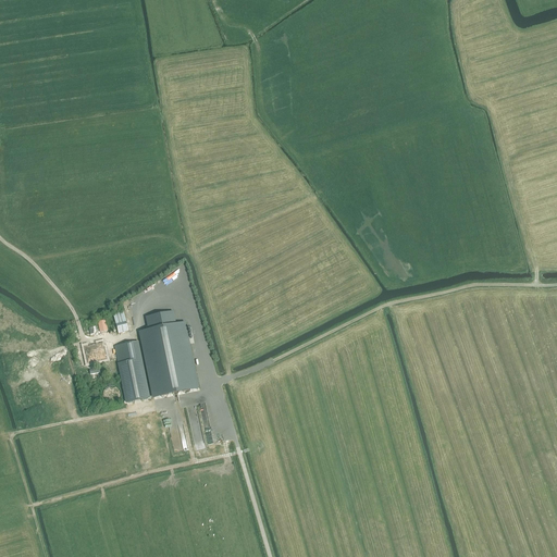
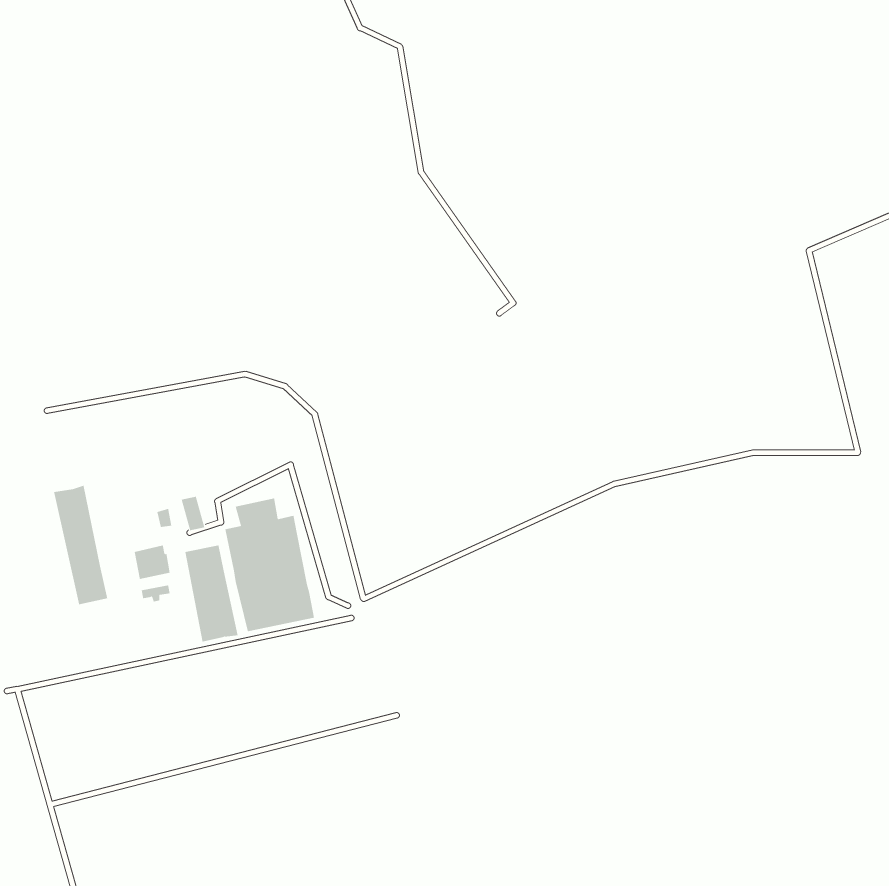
building: none -> [54,485,108,605]

